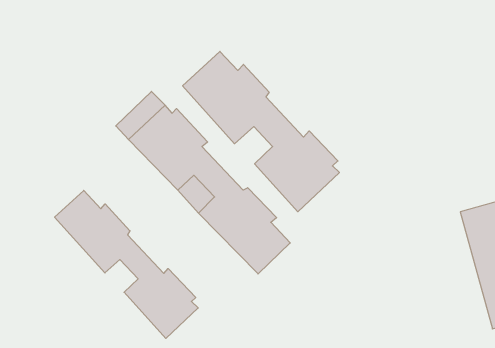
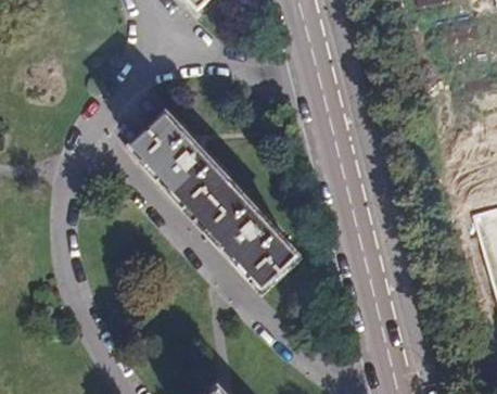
building: [183,51,339,212] -> none
building: [55,190,198,338] -> none

